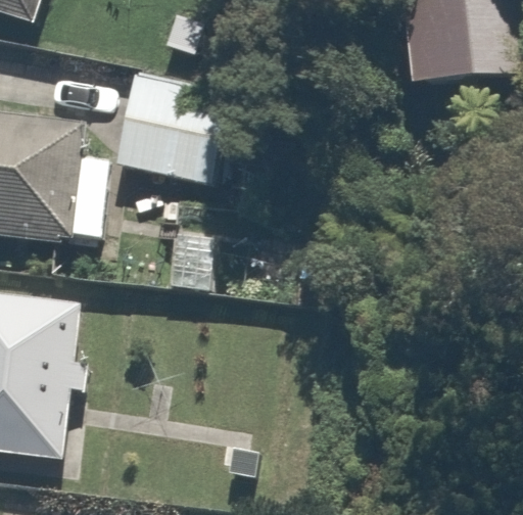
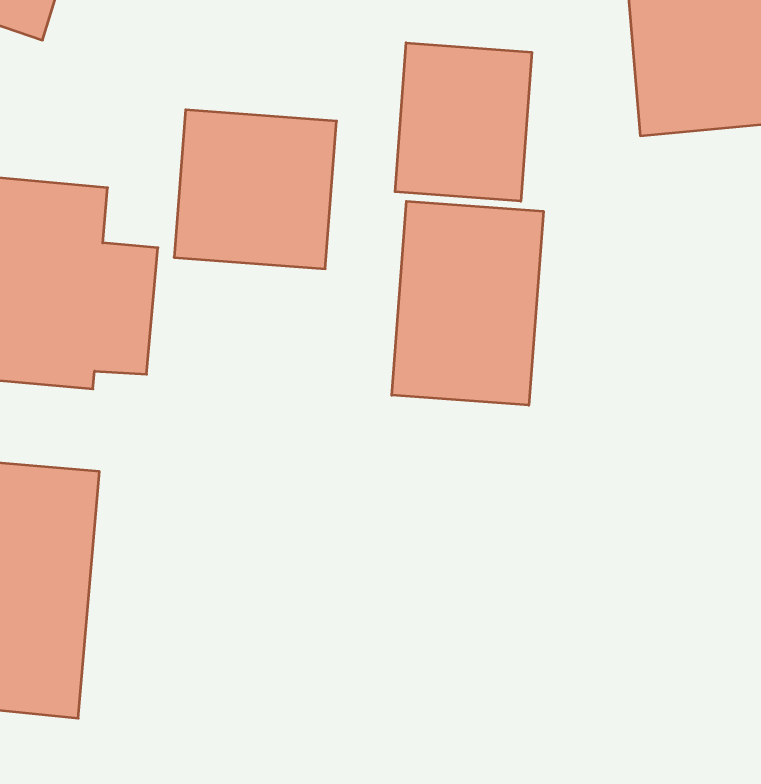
building: none -> [395,43,532,201]
building: none -> [392,201,543,405]

